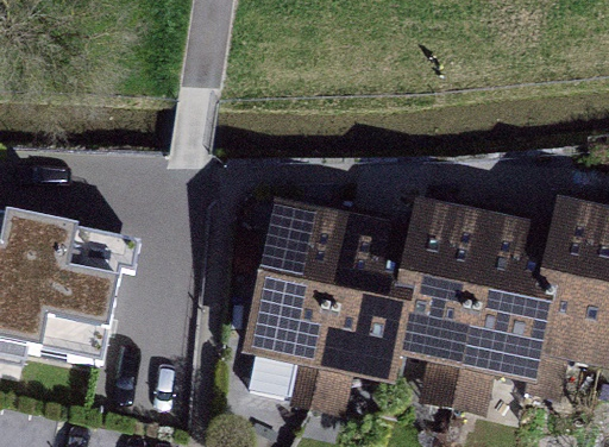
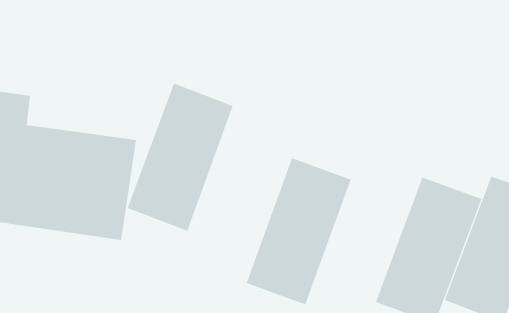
building: [243,209,343,369] -> [127,83,234,231]
building: [388,210,488,369] -> none

